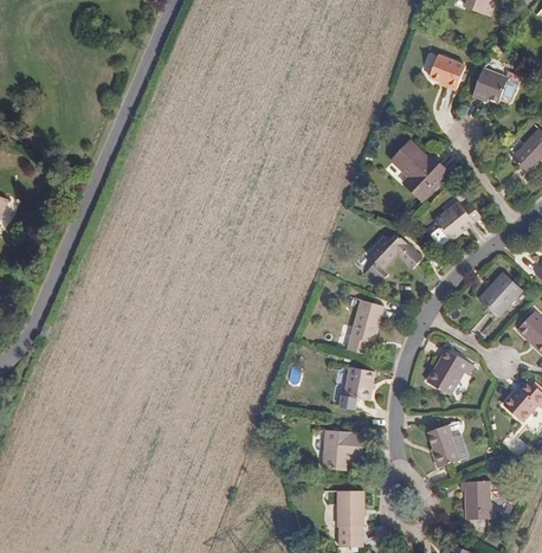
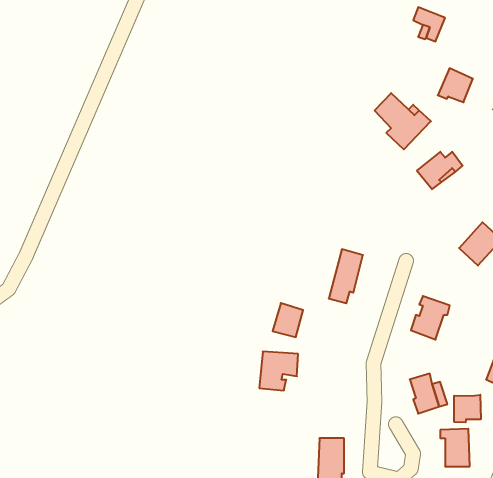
building: [471,67,506,102] -> [438,68,473,102]
building: [364,236,421,283] -> none
building: [342,364,373,398] -> [273,303,303,337]
building: [322,429,361,468] -> [259,352,298,390]
building: none -> [454,395,481,422]

